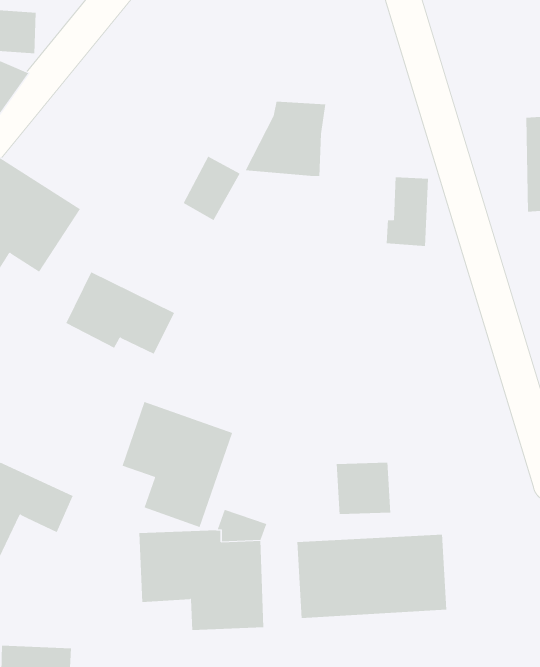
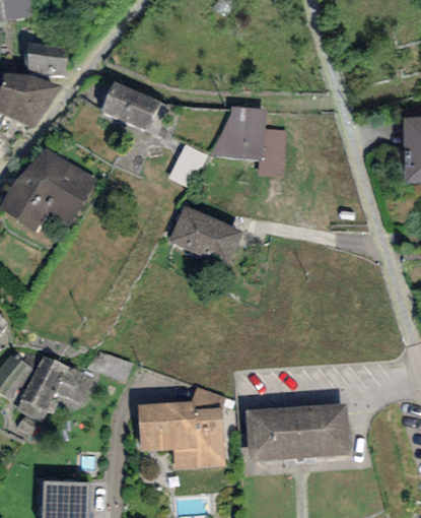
building: none -> [100,81,158,130]
building: [386,177,429,246] -> [257,129,286,177]
building: [66,272,175,354] -> [167,204,242,261]
building: [122,401,233,528] -> none
building: [336,462,391,515] -> none

